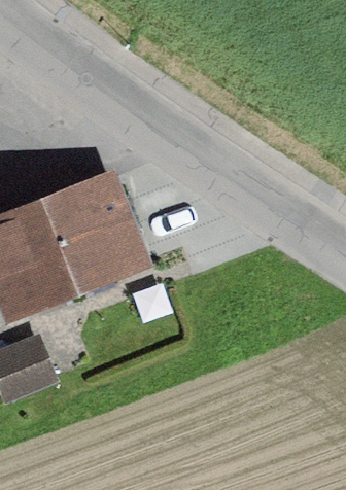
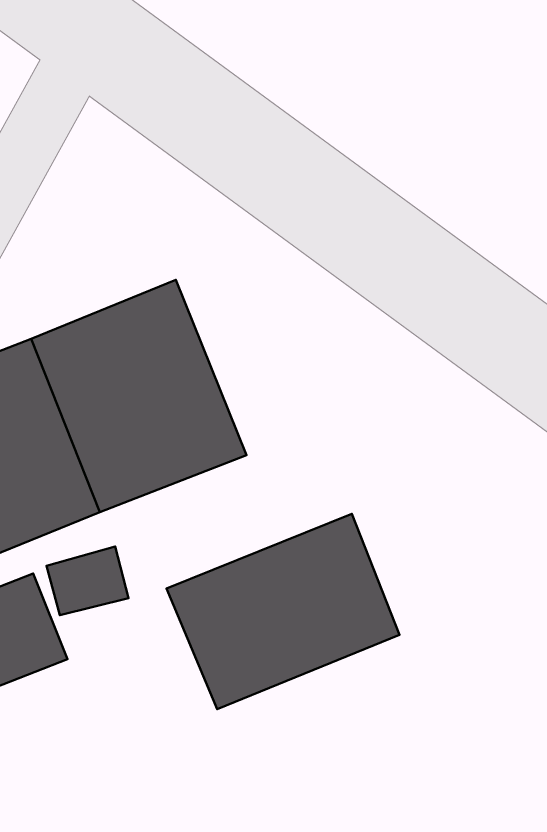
building: none -> [167,514,399,709]

